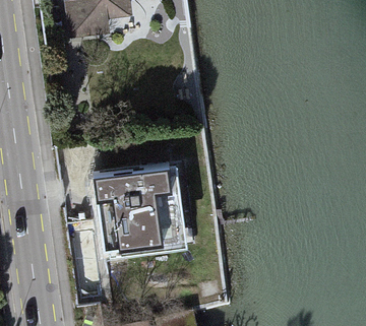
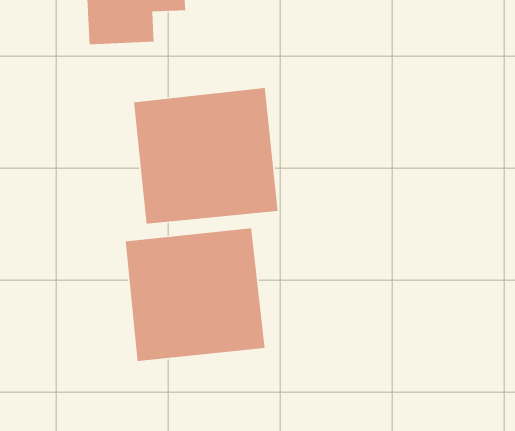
building: none -> [133,87,279,225]

